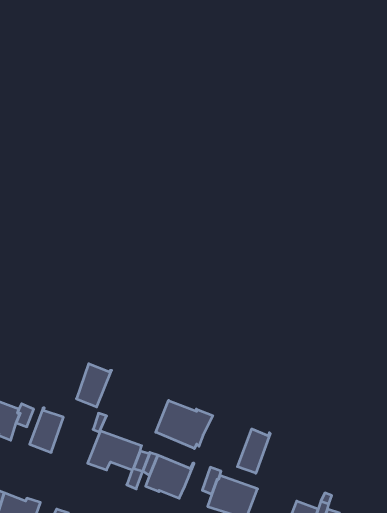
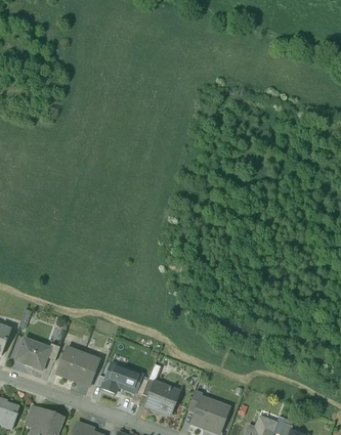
building: [76,364,112,407] -> [73,352,99,385]
building: [156,400,213,449] -> none
building: [237,429,270,473] -> none

